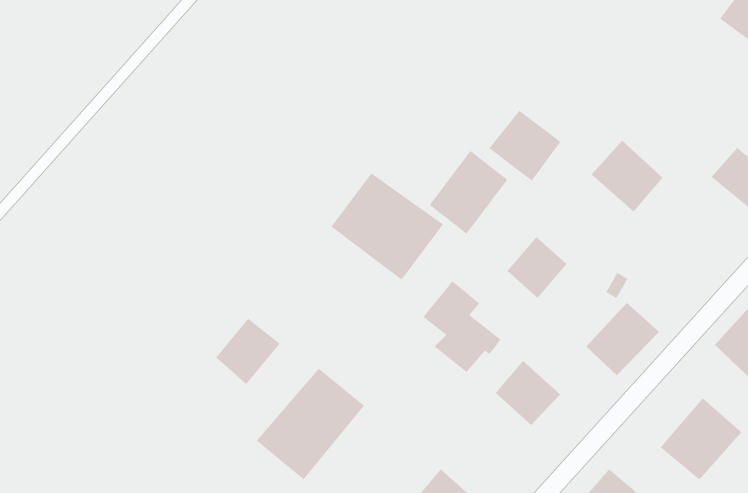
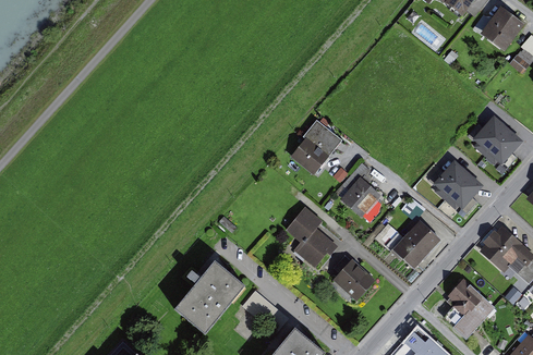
building: [488,110,561,181] -> none
building: [591,140,664,213] -> [435,159,483,207]
building: [330,173,444,281] -> none
building: [215,318,280,385] -> none

